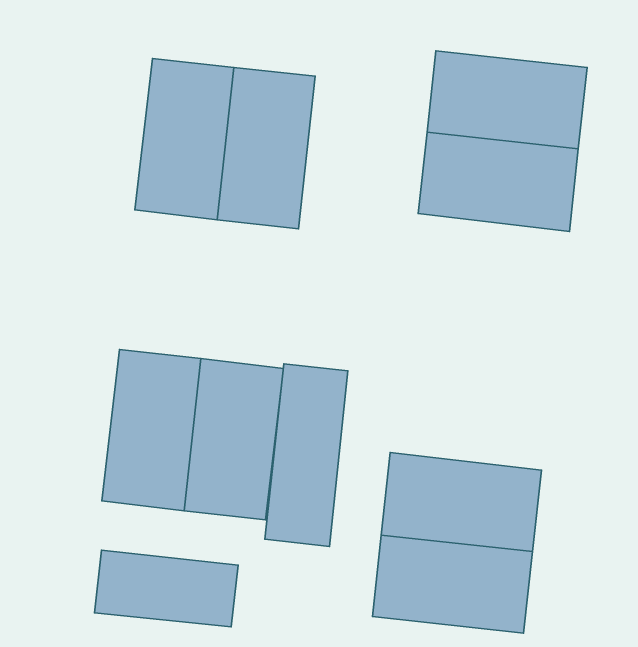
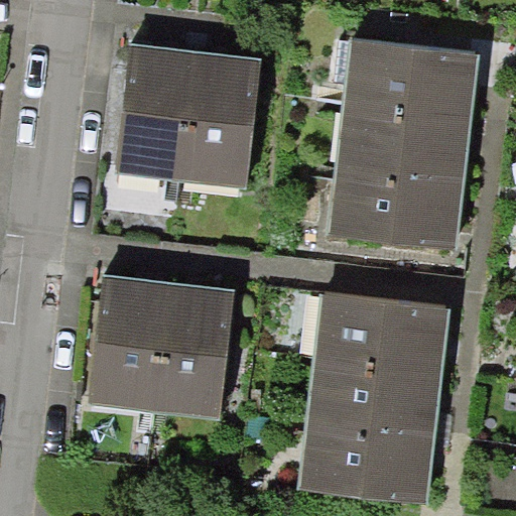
building: none -> [333,169,461,248]
building: [265,364,348,546] -> none
building: none -> [318,294,446,373]
building: [94,550,238,627] -> none

